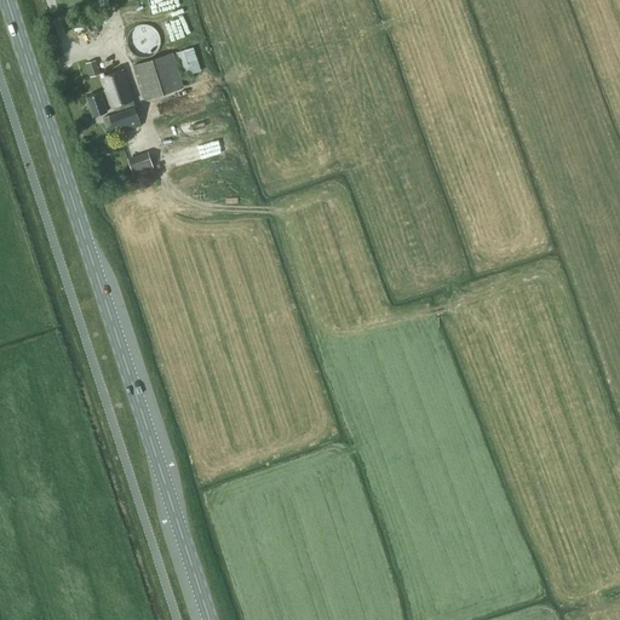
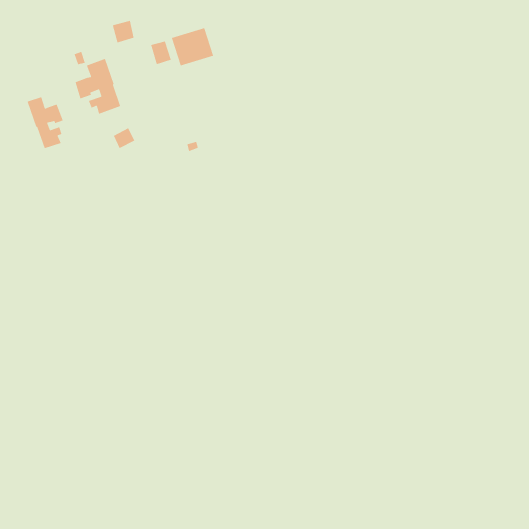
building: [133,53,184,99] -> [171,27,214,67]
building: none -> [27,96,64,149]

